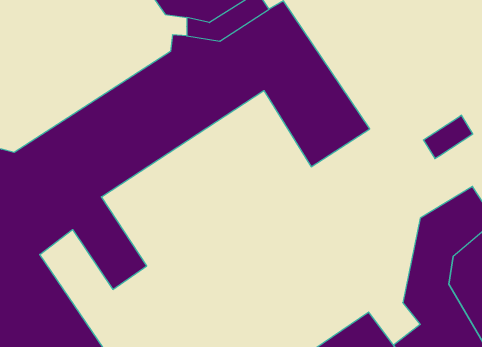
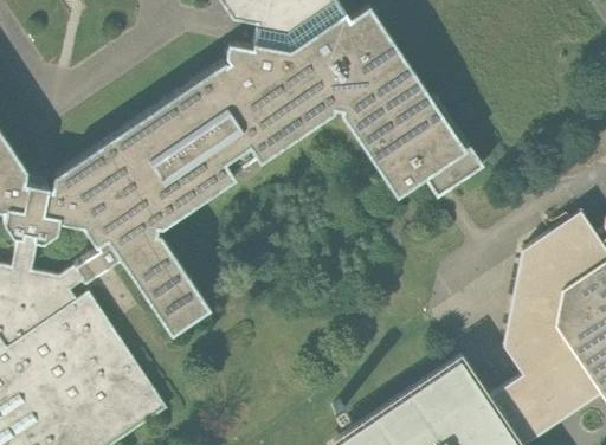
building: [423,115,473,159] -> [427,147,484,196]

